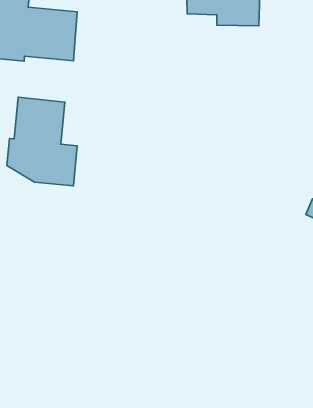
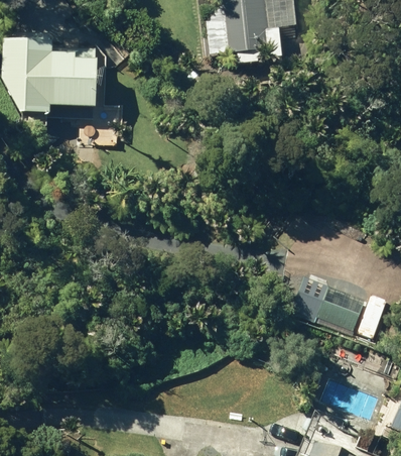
building: [7,97,77,186] -> none

